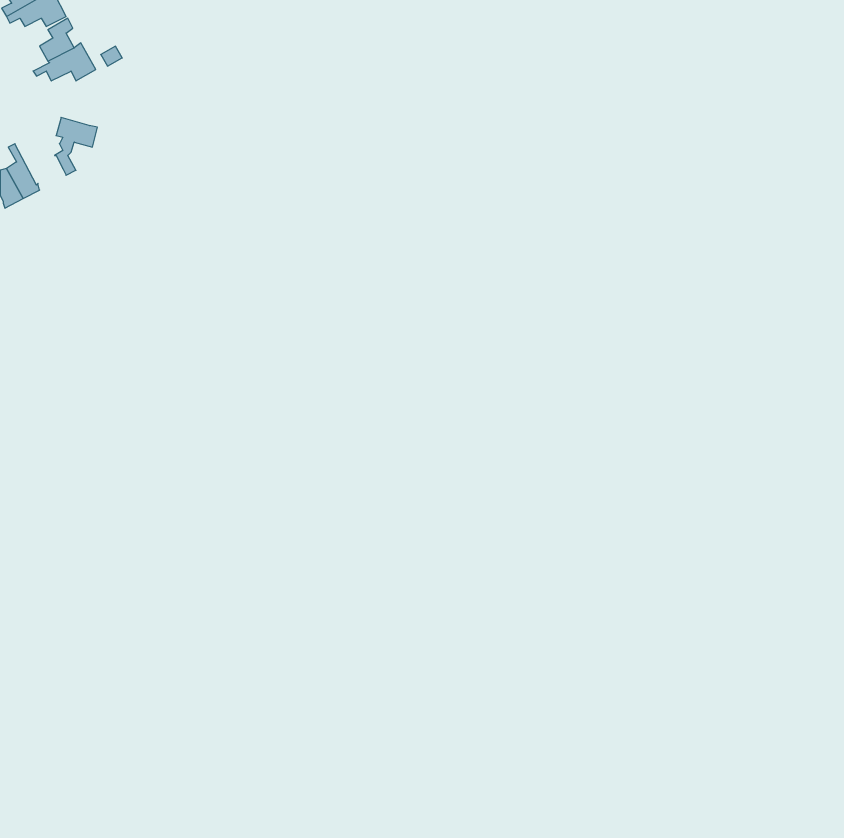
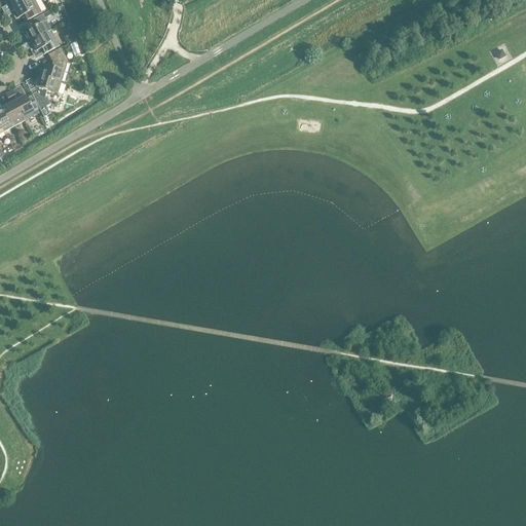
building: none -> [38,45,67,78]
building: none -> [9,87,39,118]

